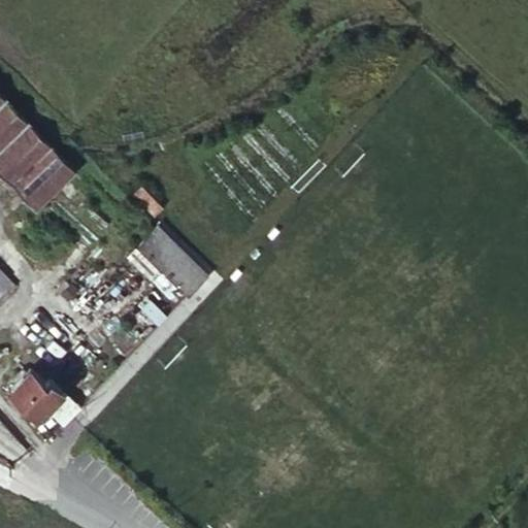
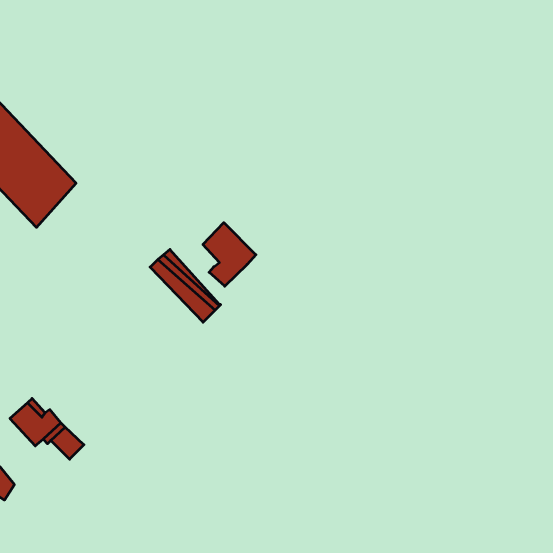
building: none -> [203,223,256,286]

